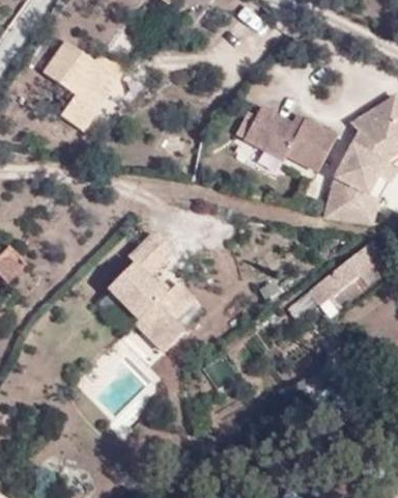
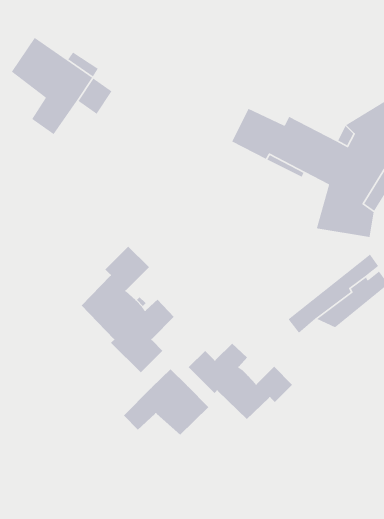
building: none -> [188,343,293,420]
building: none -> [123,369,209,436]

